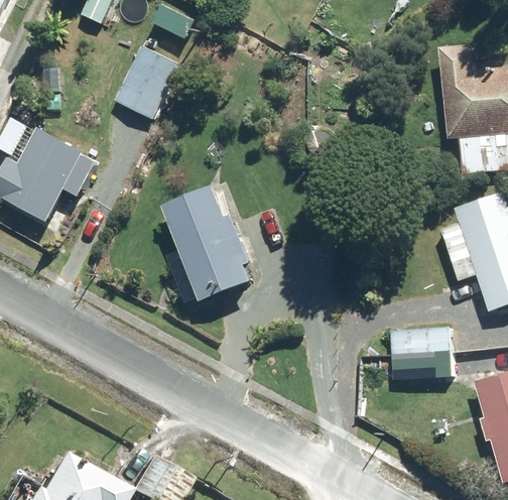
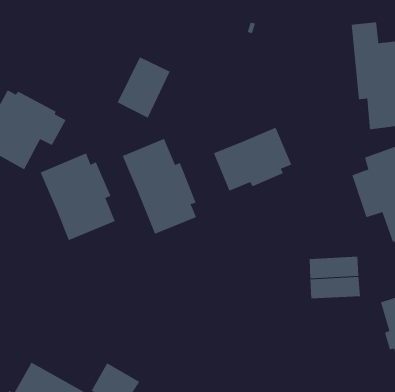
building: [114,45,178,120] -> [117,57,171,118]
building: none -> [213,127,293,191]
building: none -> [40,152,115,241]

